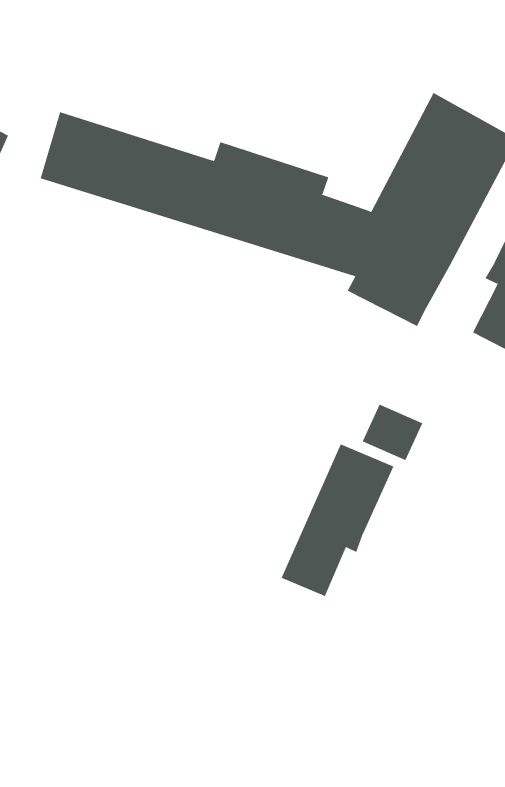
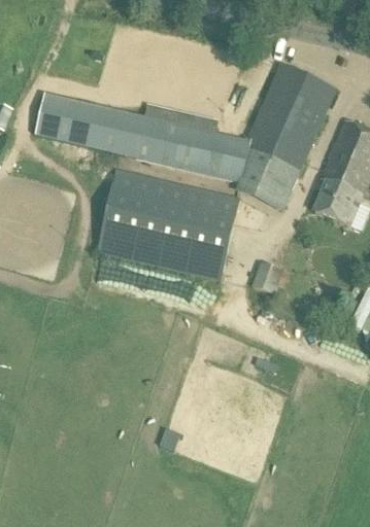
building: none -> [96,169,238,281]
building: [281,444,394,597] -> none

